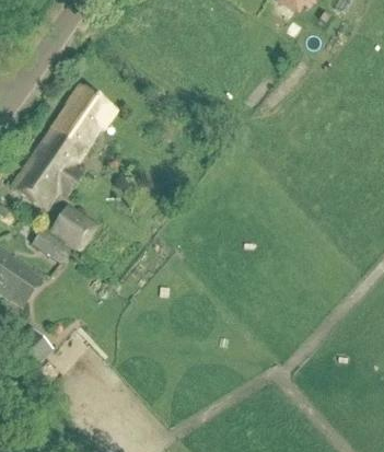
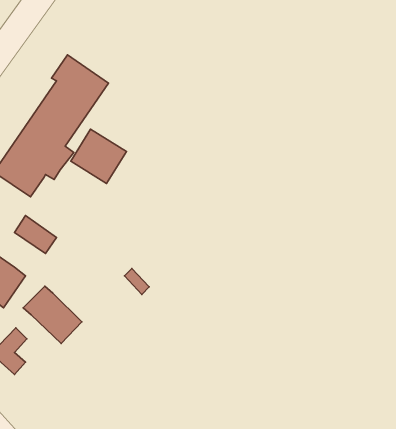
building: [50,200,100,248] -> [71,129,126,184]
building: none -> [23,286,82,344]

